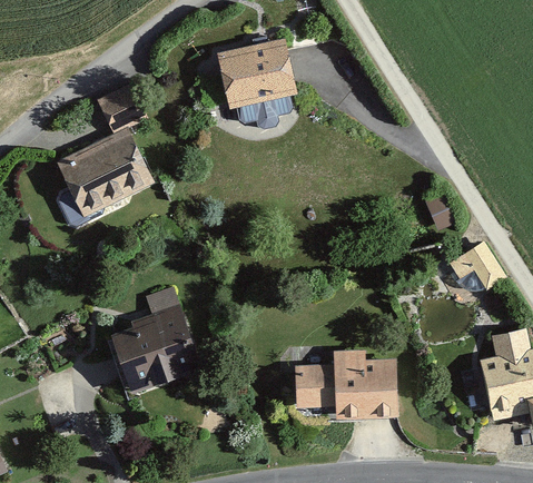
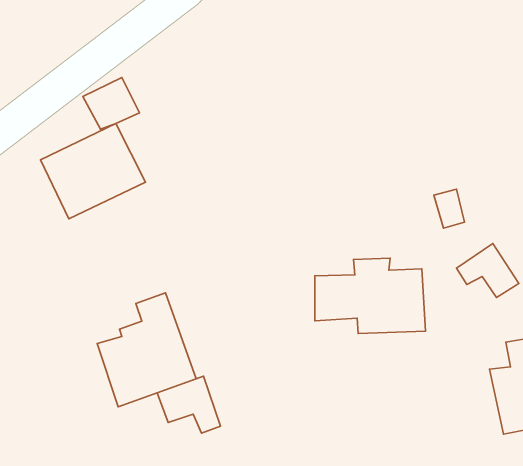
building: [215,38,296,110] -> none
building: [294,349,398,421] -> [315,258,425,334]
building: none -> [157,376,220,433]

